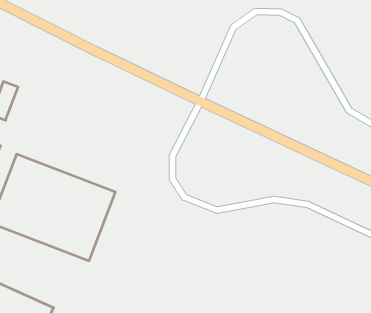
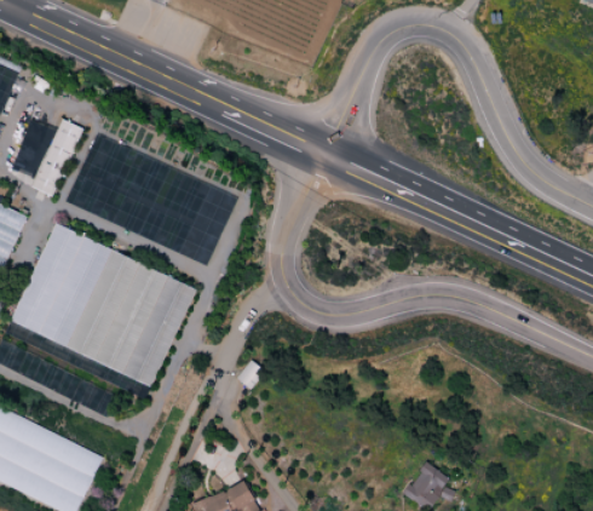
building: none -> [31,120,79,197]

